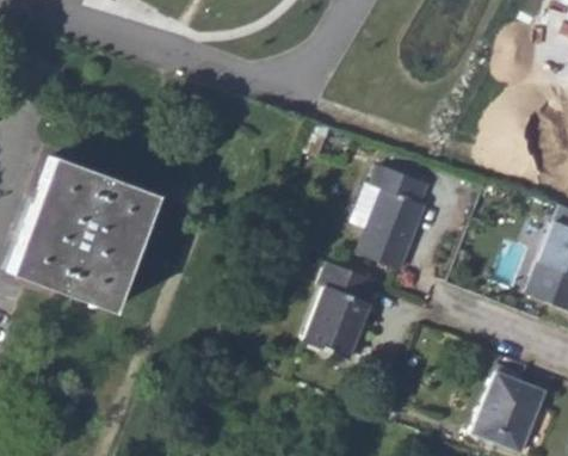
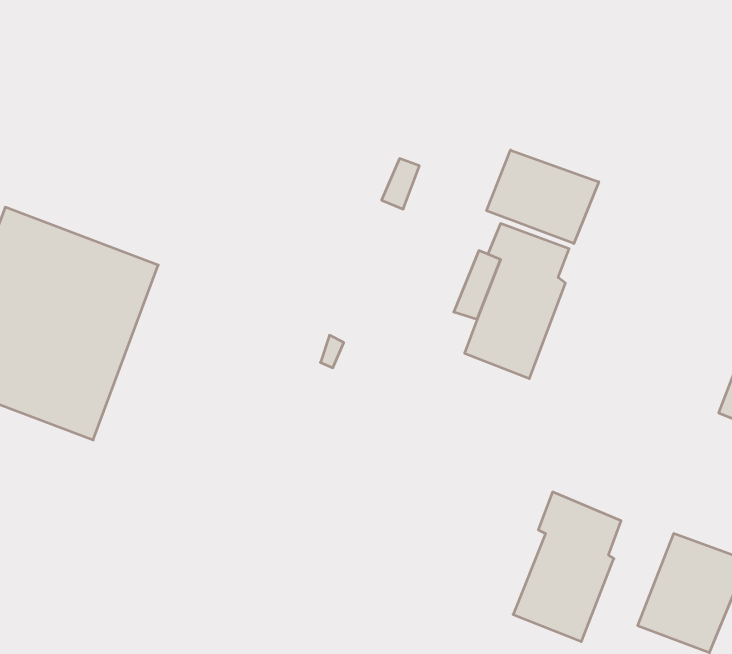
building: none -> [487,150,599,244]
building: [305,259,377,358] -> [513,492,621,642]

